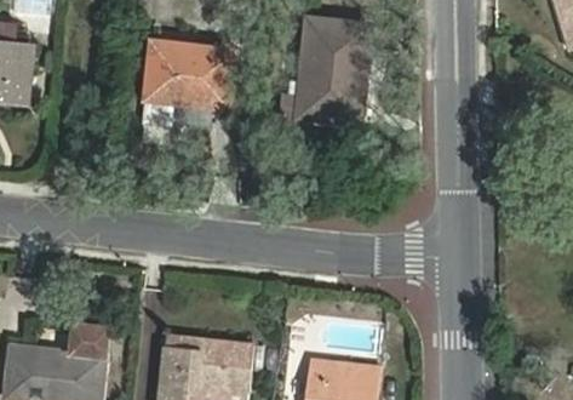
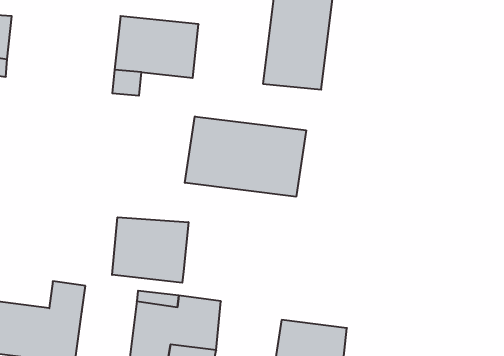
building: none -> [185,116,306,197]
building: none -> [112,217,188,283]

